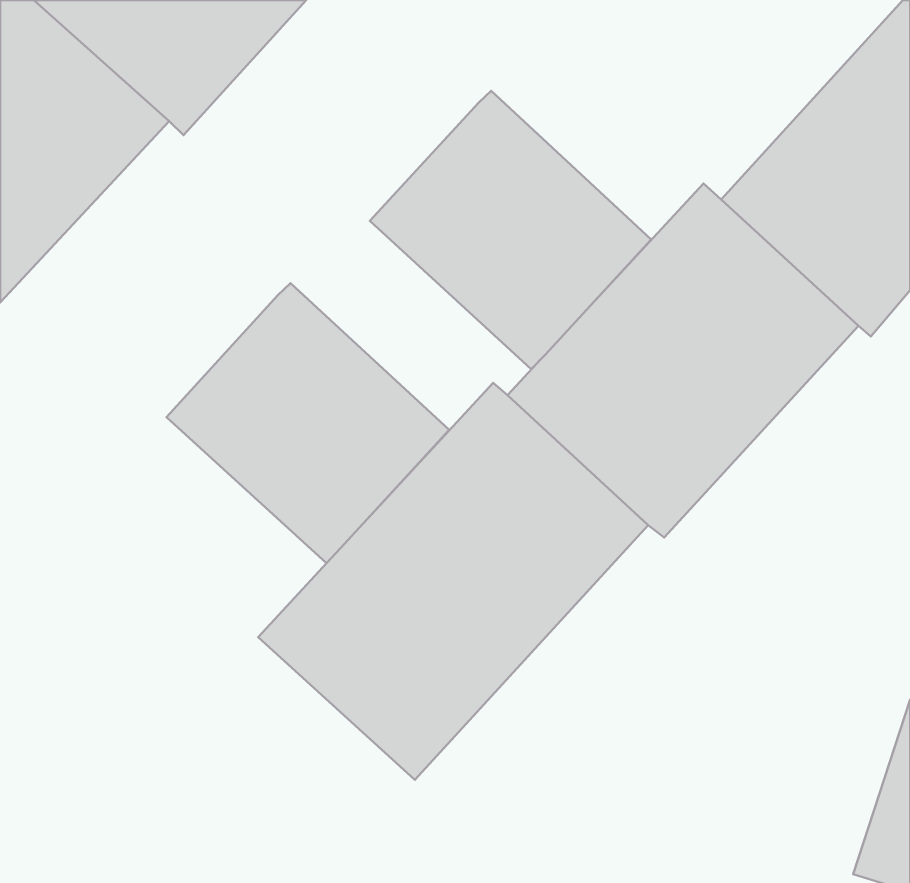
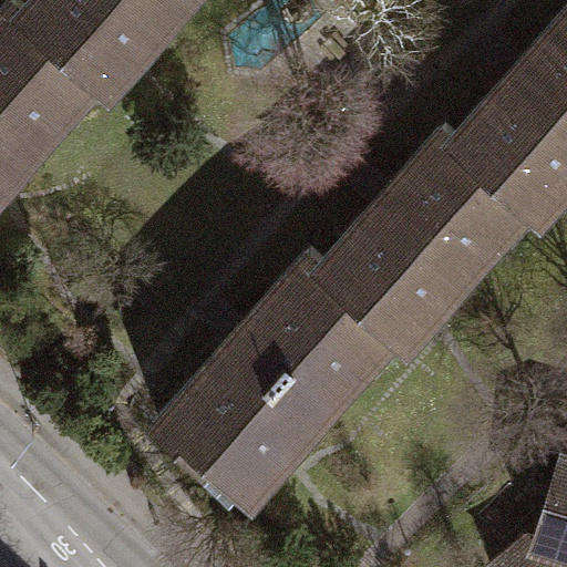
building: [370,91,651,369] -> none
building: [166,283,449,563] -> none

